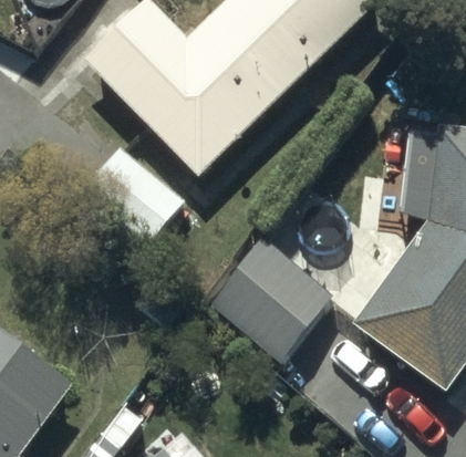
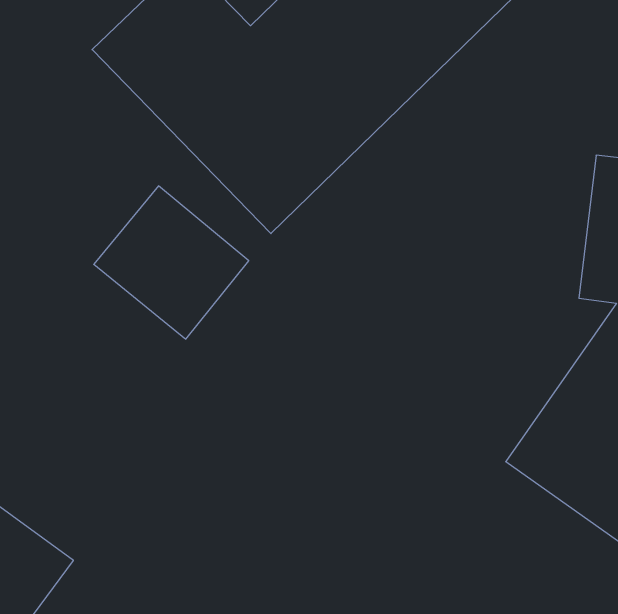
building: [208,239,331,361] -> none

